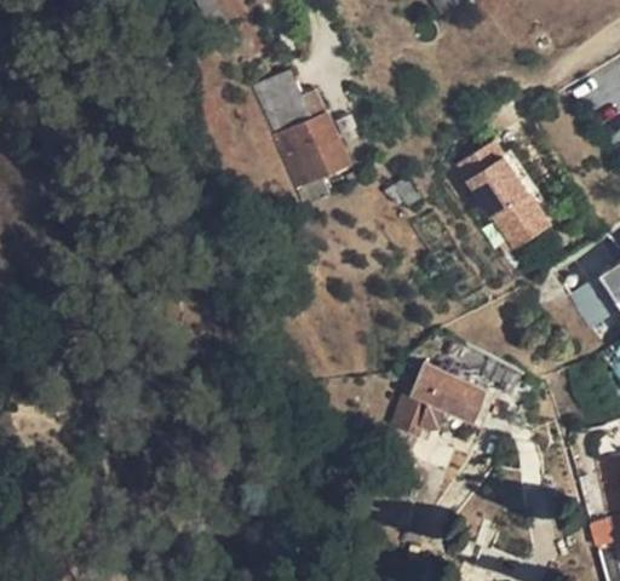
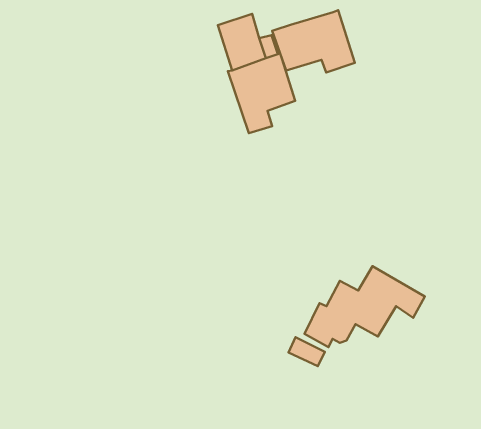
building: none -> [272,10,355,73]
building: [454,139,551,254] -> none

